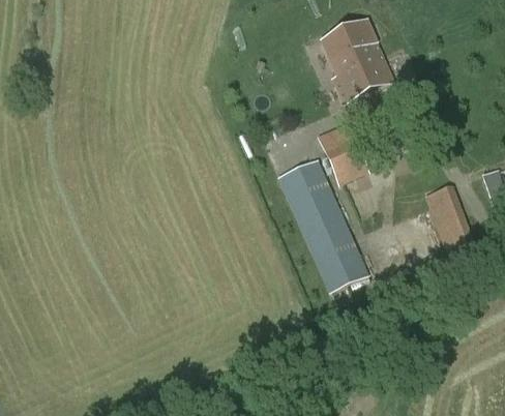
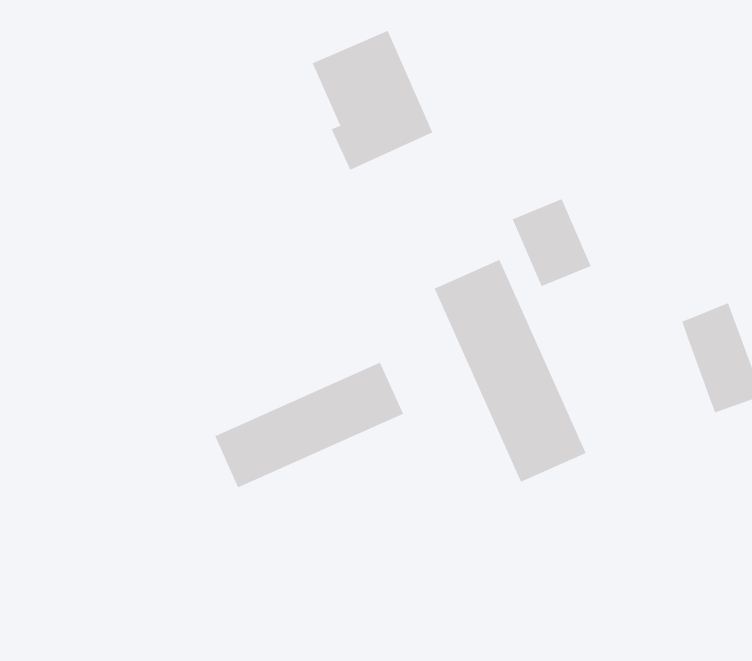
building: [320,18,392,101] -> [312,30,433,171]
building: none -> [214,362,404,488]

